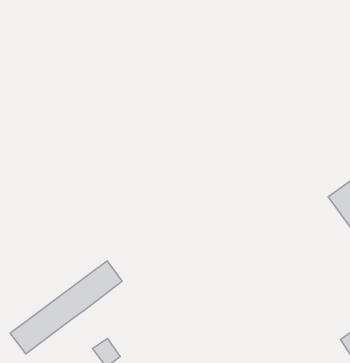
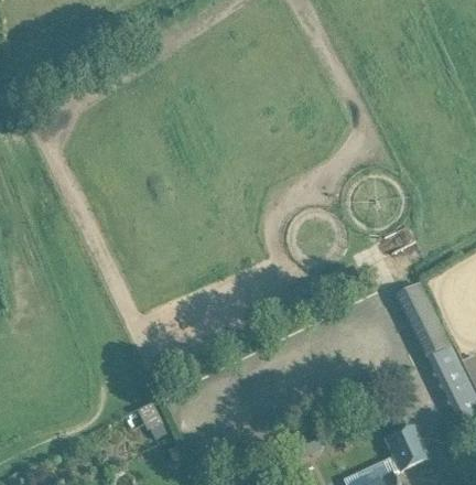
building: [10,261,122,354] -> none

